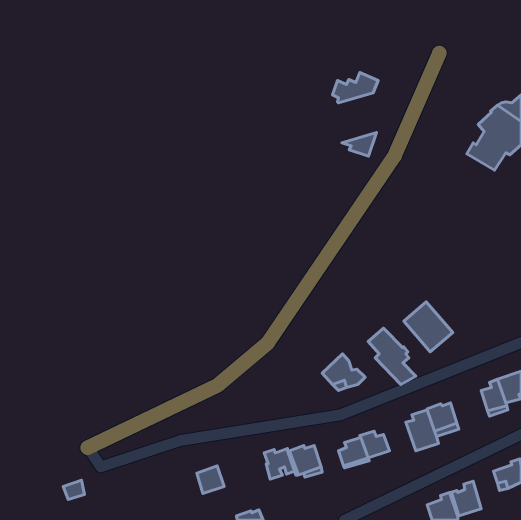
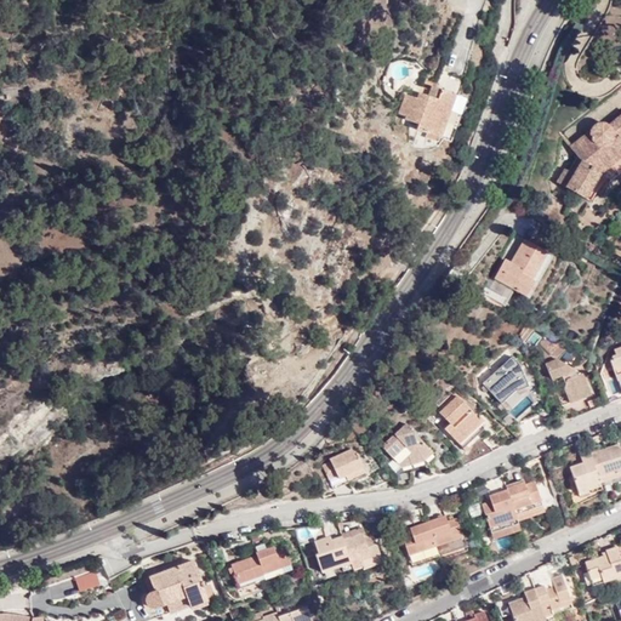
building: [342,133,377,156] -> [403,110,444,138]
building: none -> [496,241,553,298]
building: none -> [546,358,592,403]
building: none -> [325,446,368,494]
building: none -> [258,546,295,579]
building: none -> [147,563,209,609]

